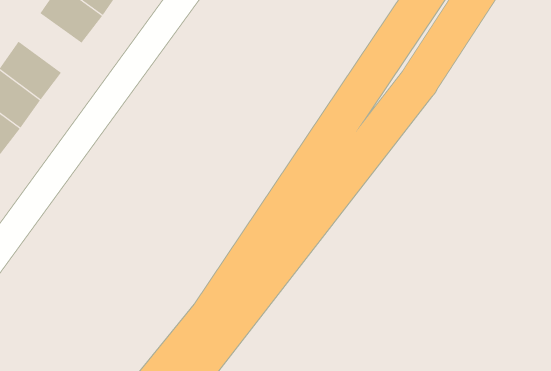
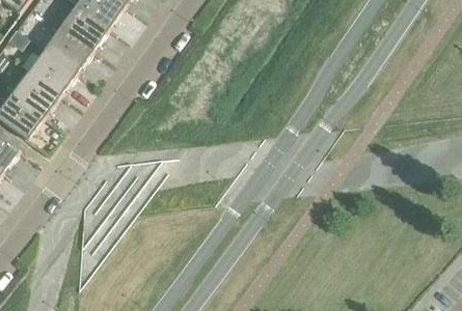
building: none -> [42,27,91,74]

